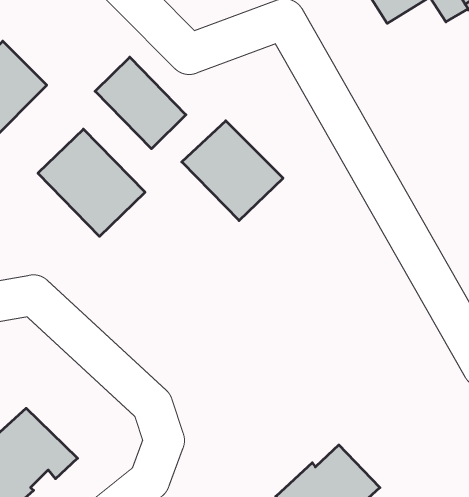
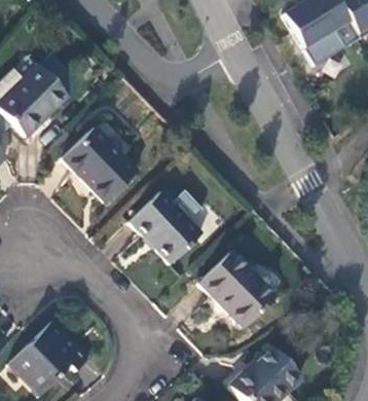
building: [95,57,186,149] -> none
building: [182,121,283,221] -> [131,191,201,261]
building: none -> [201,252,275,326]

